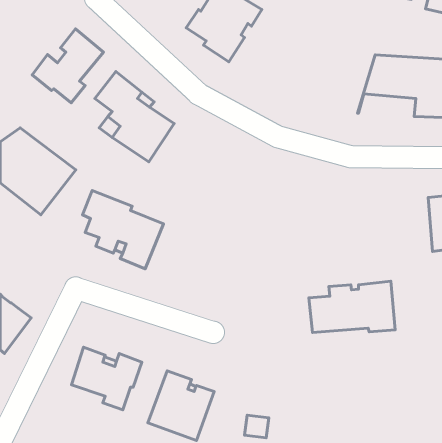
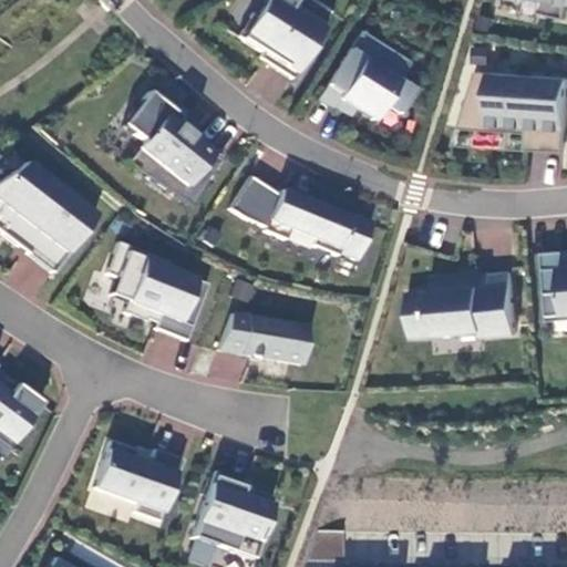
building: none -> [322,29,417,120]
building: [32,29,103,103] -> none
building: none -> [231,175,375,259]
building: none -> [220,313,311,364]
building: [309,281,395,333] -> [412,270,522,336]

